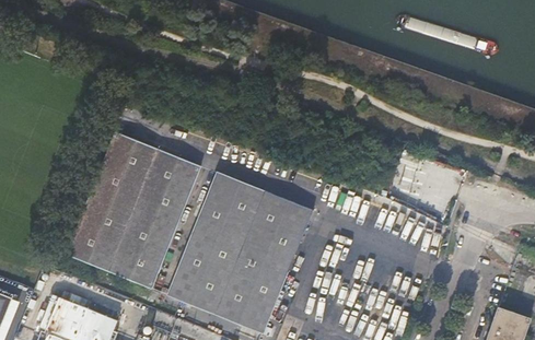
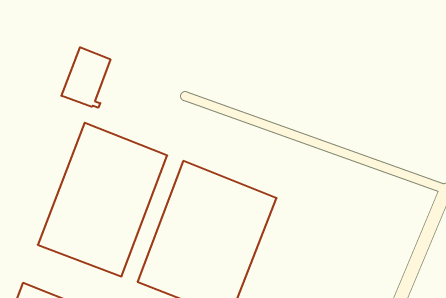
building: none -> [61,47,110,108]

